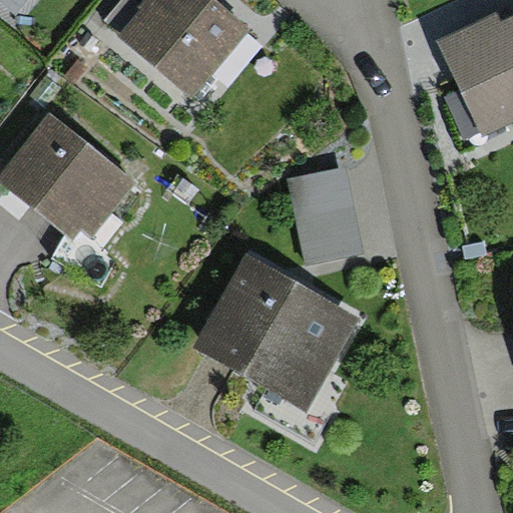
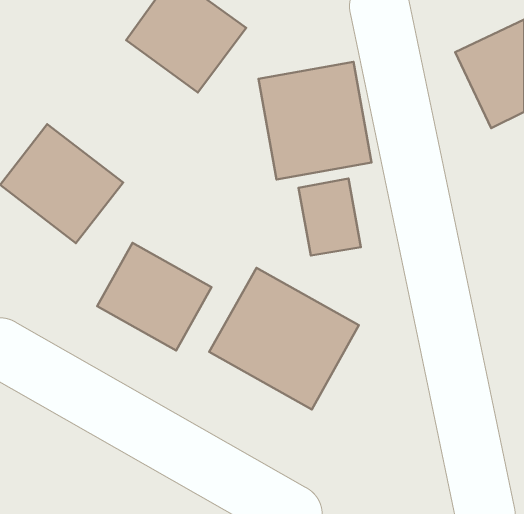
building: none -> [259,62,372,179]
building: none -> [97,243,212,351]

